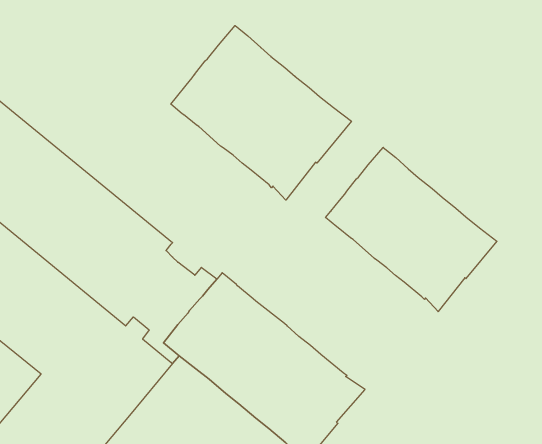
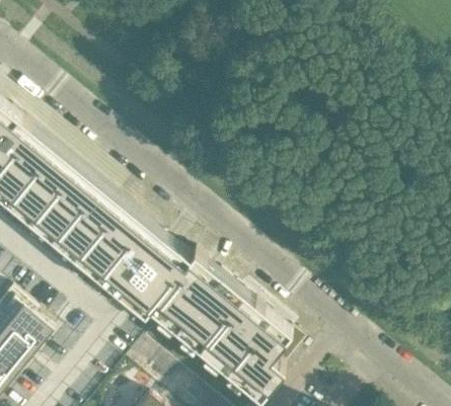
building: [171,26,351,200] -> none
building: [326,147,497,312] -> none

